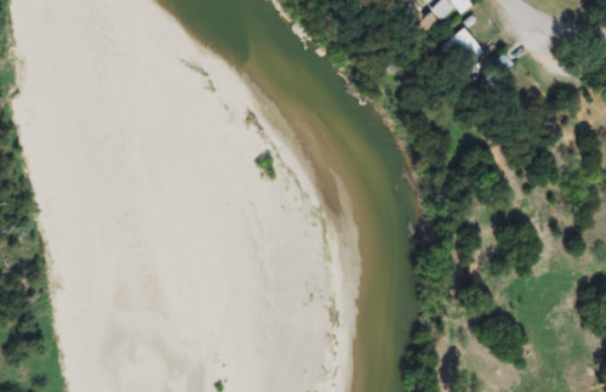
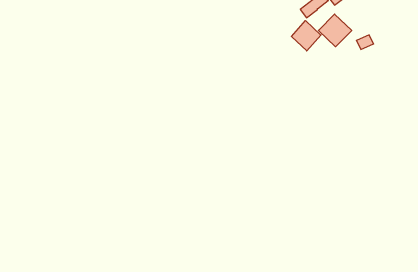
building: none -> [291,21,321,51]

